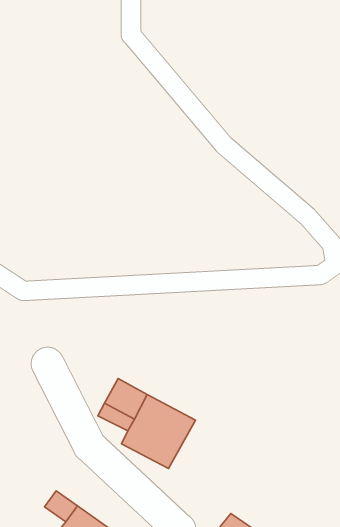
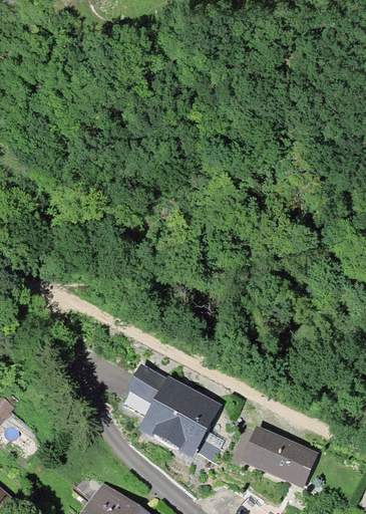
building: none -> [249,432,313,482]

